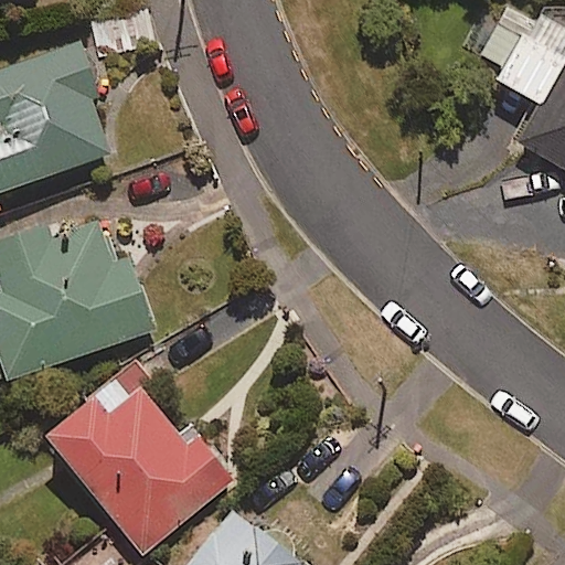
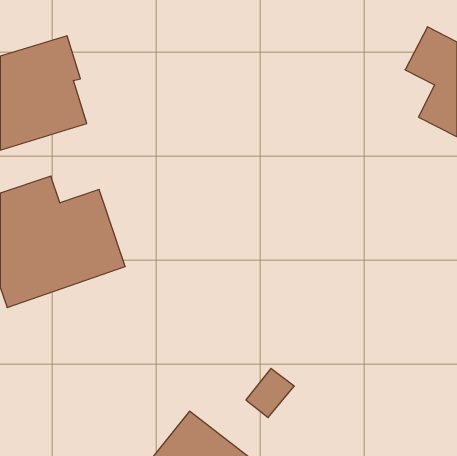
building: [46,381,233,554] -> none

